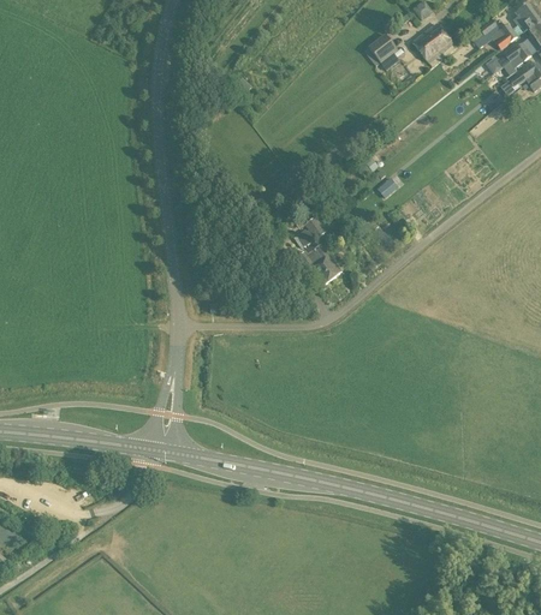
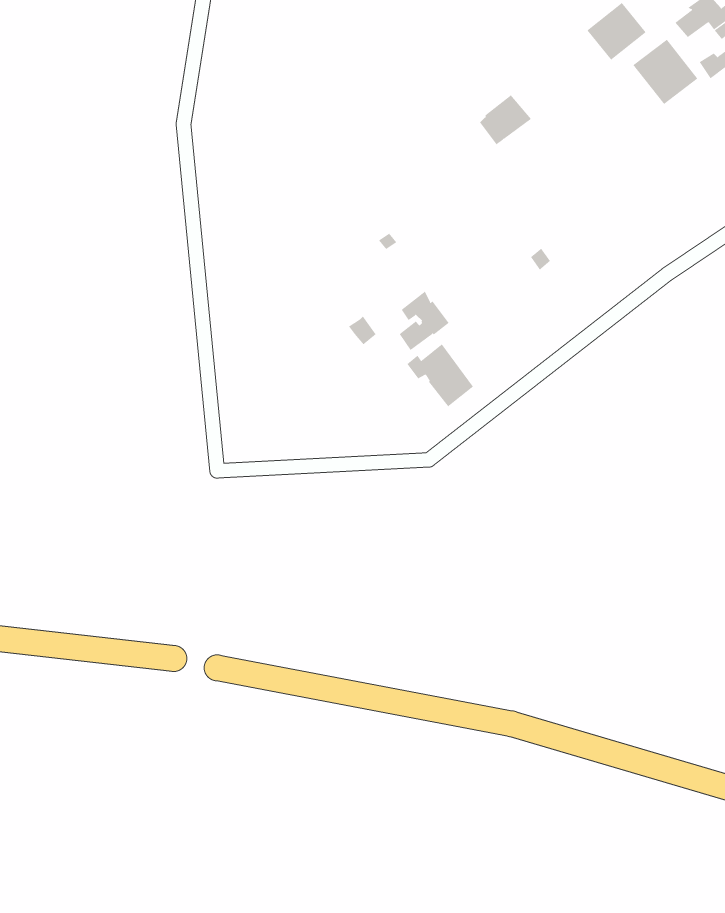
building: [364,32,398,65] -> [479,94,532,145]
building: none -> [633,39,698,105]

